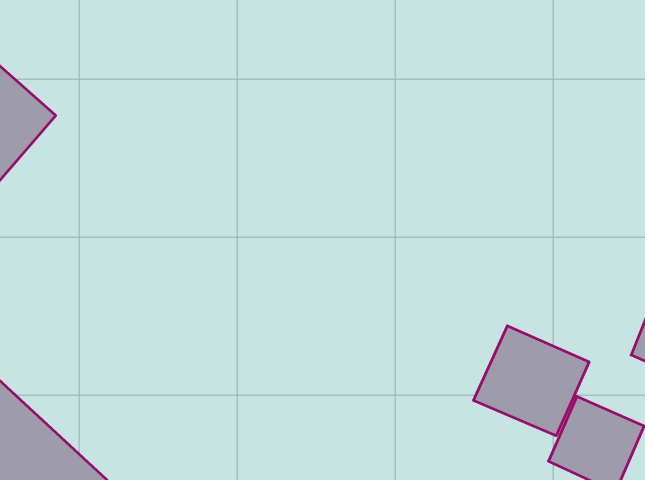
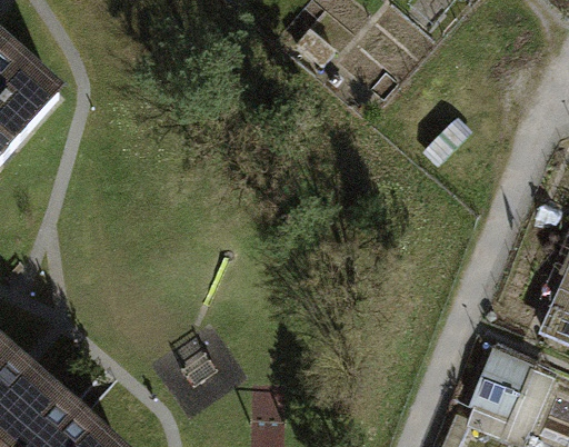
building: [474,326,589,436] -> none

